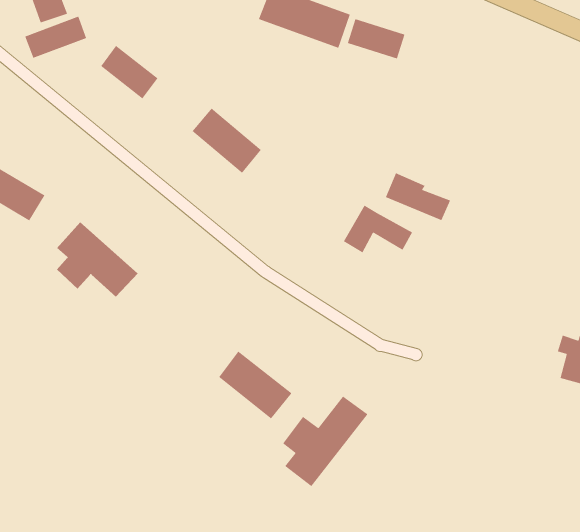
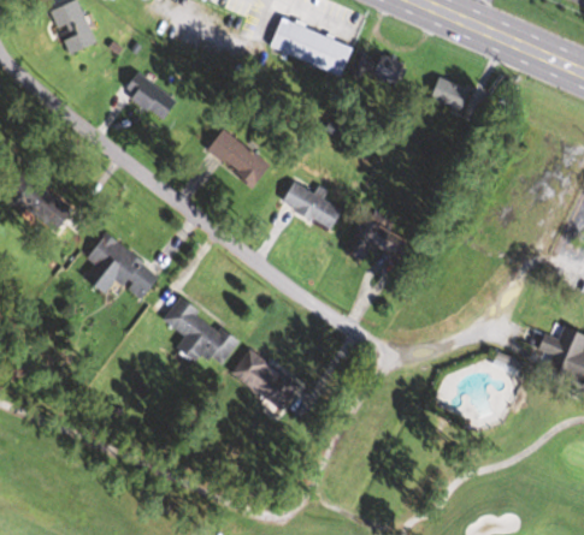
building: [24,16,87,59] -> none
building: none -> [426,75,471,113]
building: [385,172,451,221] -> [282,183,342,227]
building: none -> [163,298,240,365]
building: [282,395,369,487] -> none

